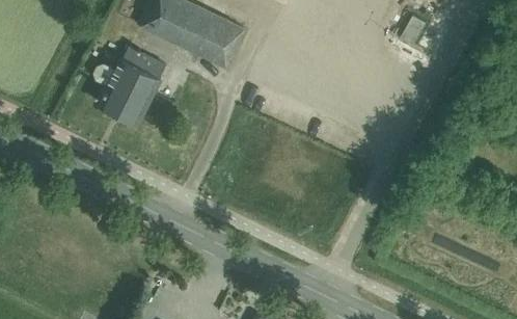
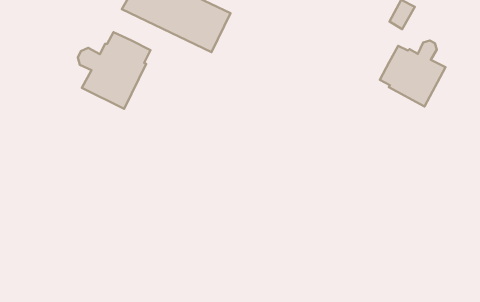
building: none -> [380,40,445,106]

